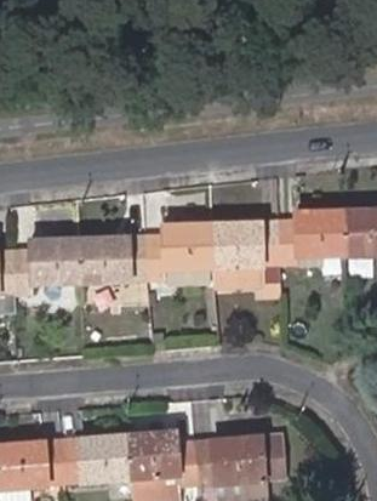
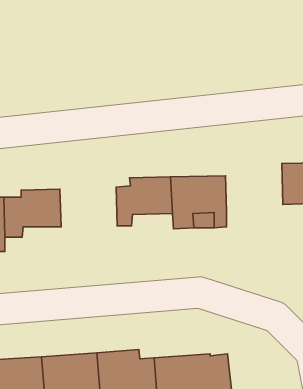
building: [278,209,345,266] -> none
building: [81,237,149,284] -> none

